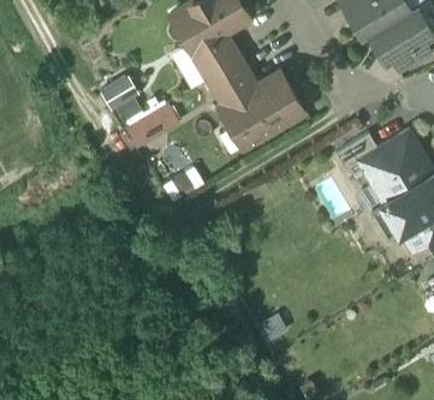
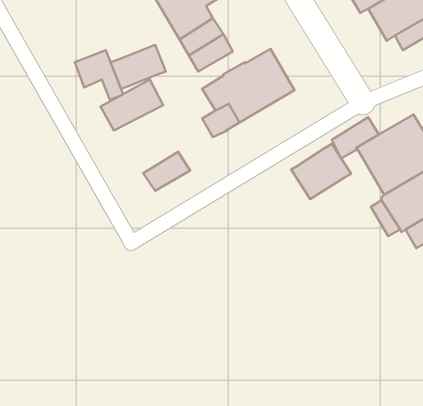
building: none -> [110,45,166,89]
building: none -> [291,144,351,199]

